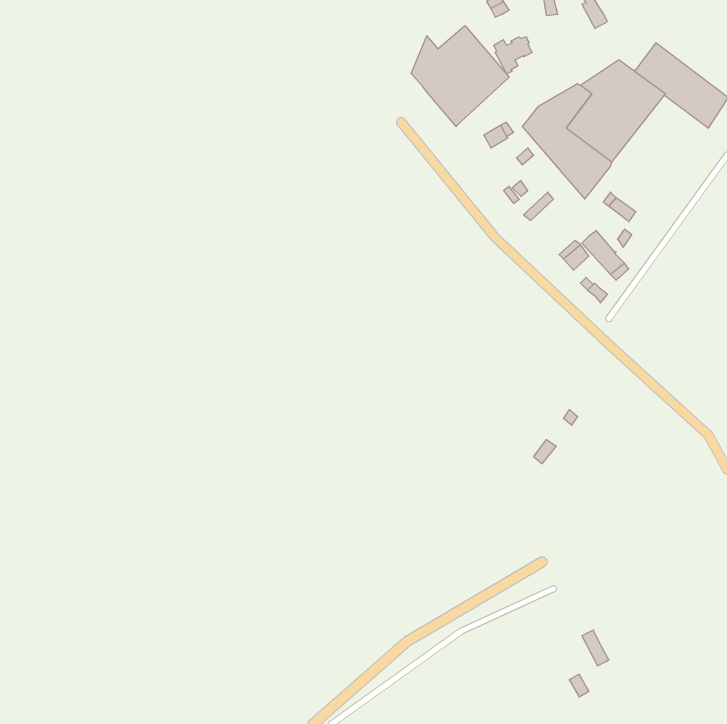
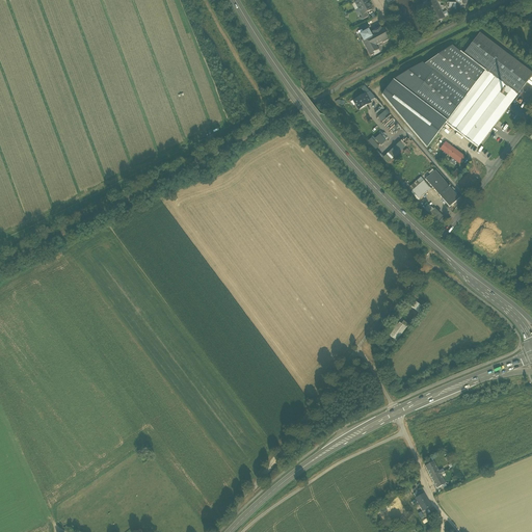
building: [411,26,509,126] -> none
building: none -> [446,70,517,145]

